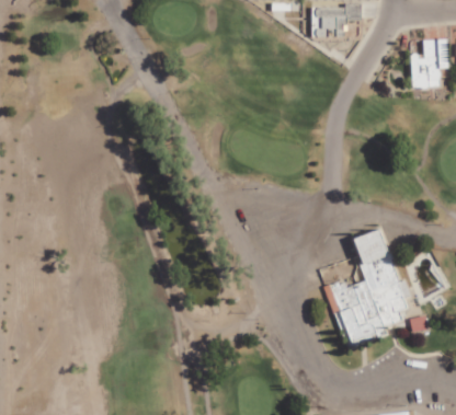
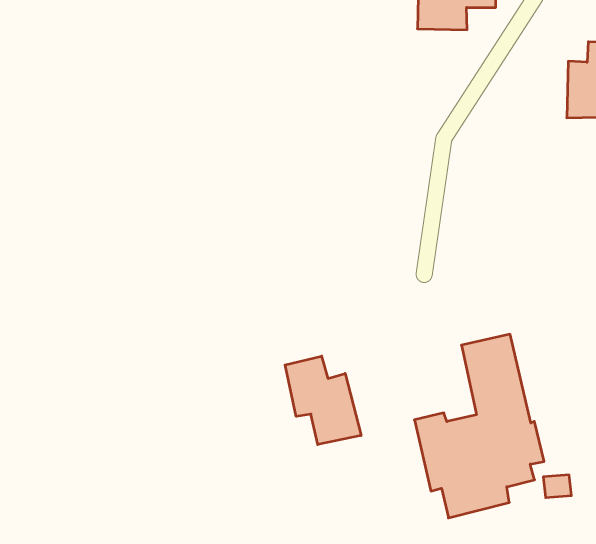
building: none -> [285,356,361,445]

